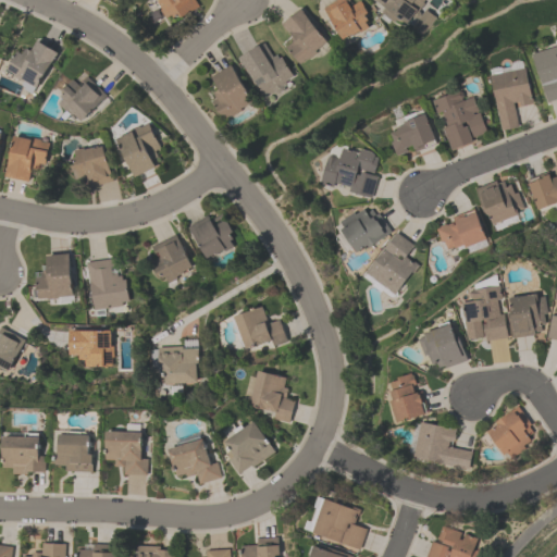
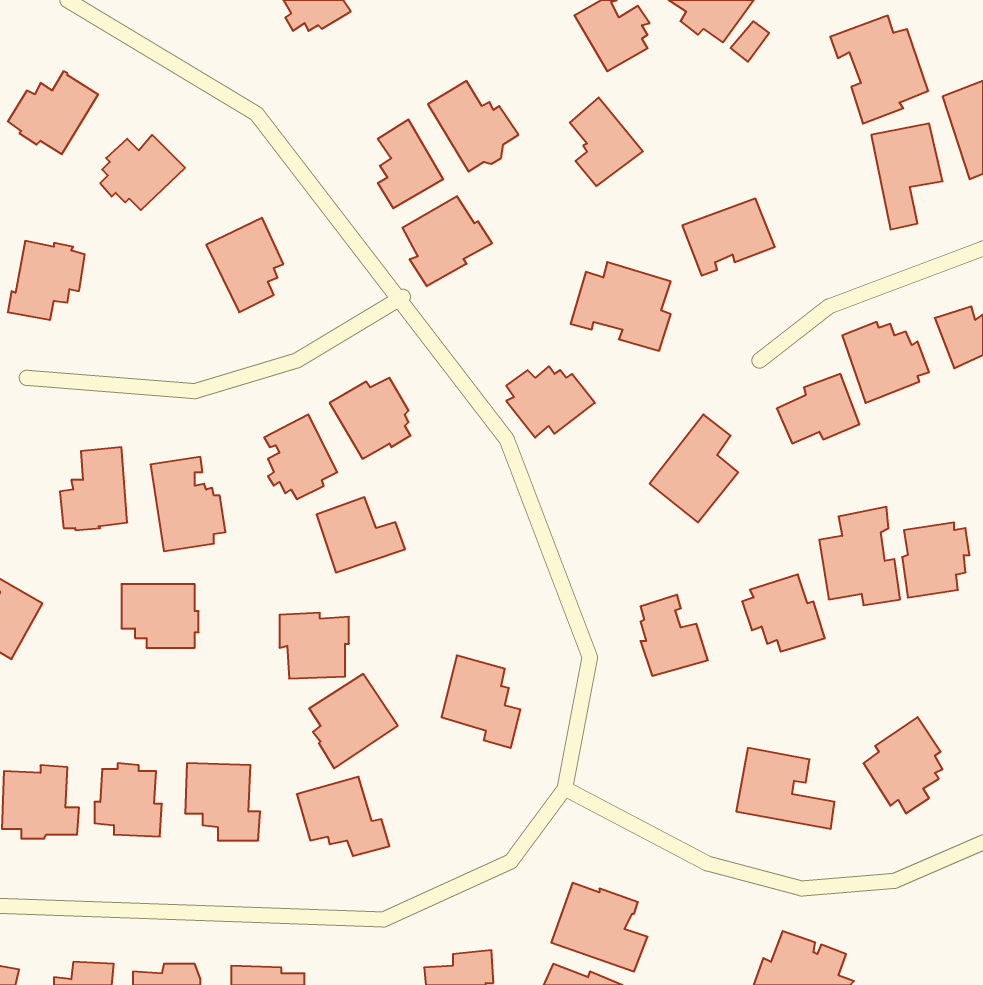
building: [284,11,325,61] -> [570,97,643,186]
building: [433,89,488,150] -> [830,16,928,124]
building: none -> [402,196,492,286]
building: [71,146,112,186] -> none
building: [342,211,392,251] -> [506,366,595,438]
building: [234,306,284,348] -> [316,497,405,572]
building: [392,376,430,422] -> [640,595,708,676]
building: [223,421,273,474] -> [309,674,398,768]

